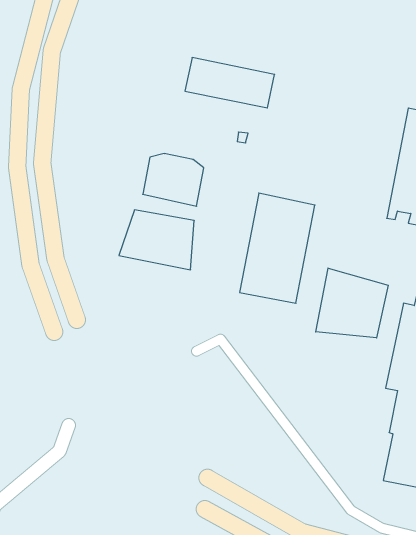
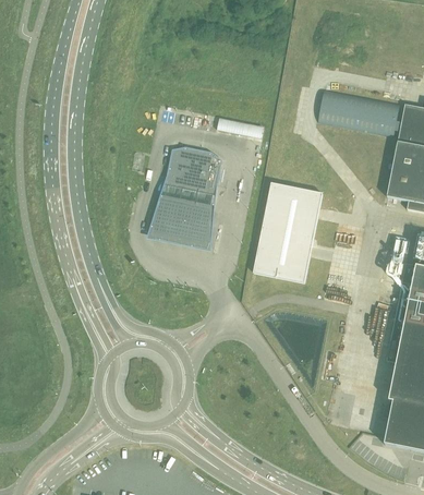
building: [185,58,275,108] -> [318,88,400,134]
building: none -> [158,183,215,207]
building: [316,268,388,338] -> none

